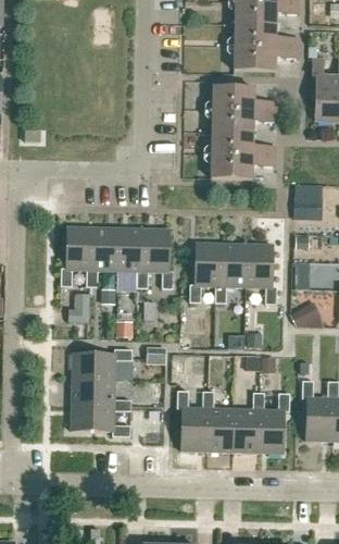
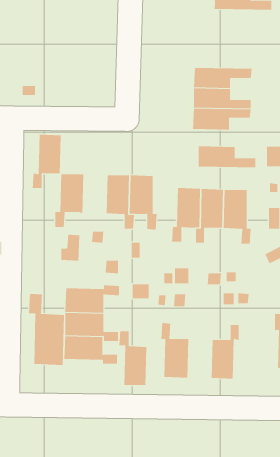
building: [236,46,300,70] -> none
building: [214,87,278,111] -> [198,146,256,168]
building: [86,226,118,286] -> [32,134,61,189]
building: none -> [29,293,64,366]
building: [202,391,234,450] -> [119,331,147,385]
building: [258,393,290,452] -> none

